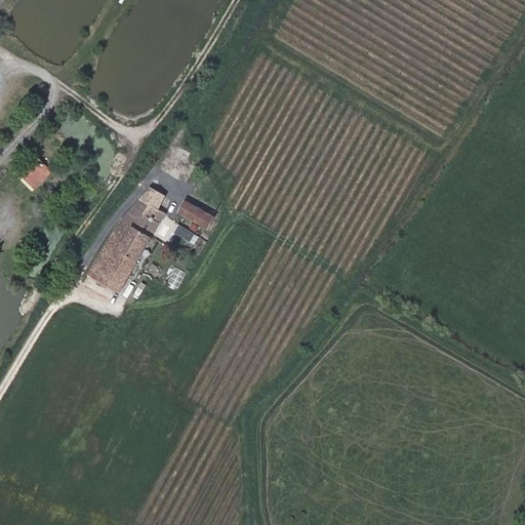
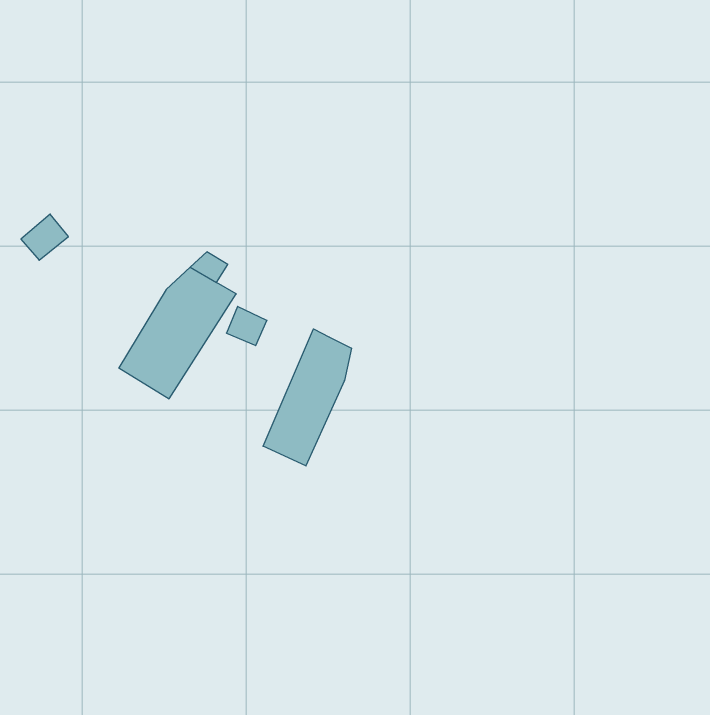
building: [174,200,213,232] -> none
building: none -> [263,329,351,466]

